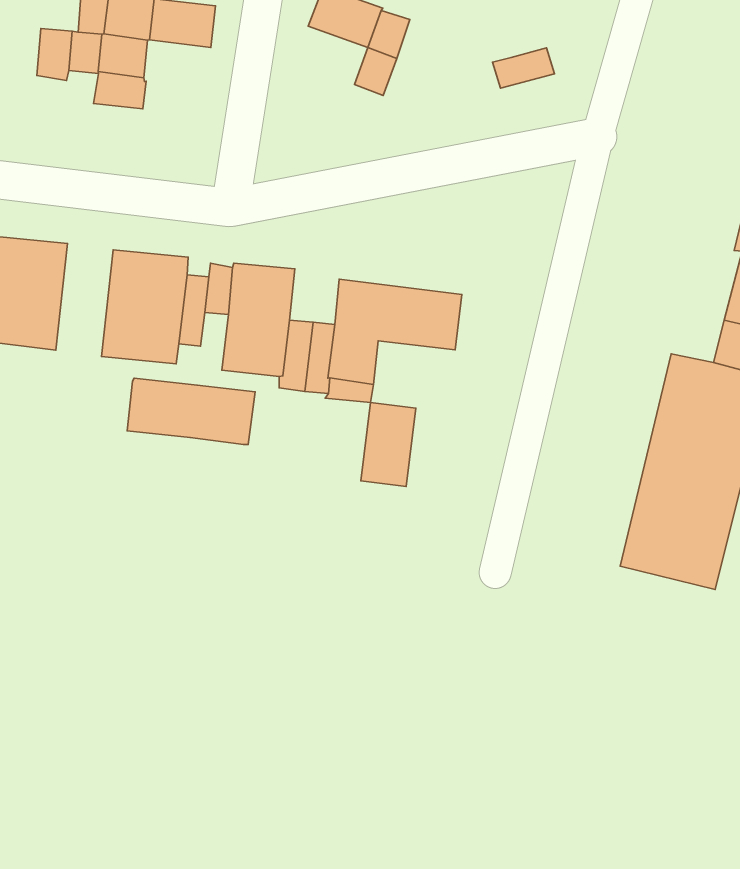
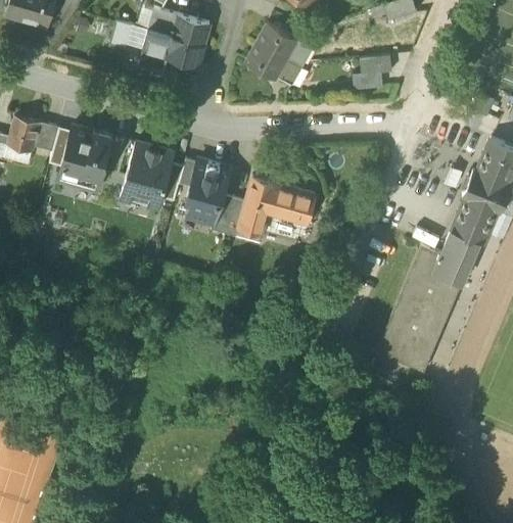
building: none -> [361,55,392,76]
building: none -> [247,42,287,78]
building: none -> [167,36,204,66]
building: [127,378,255,445] -> none
building: [361,402,416,487] -> none

